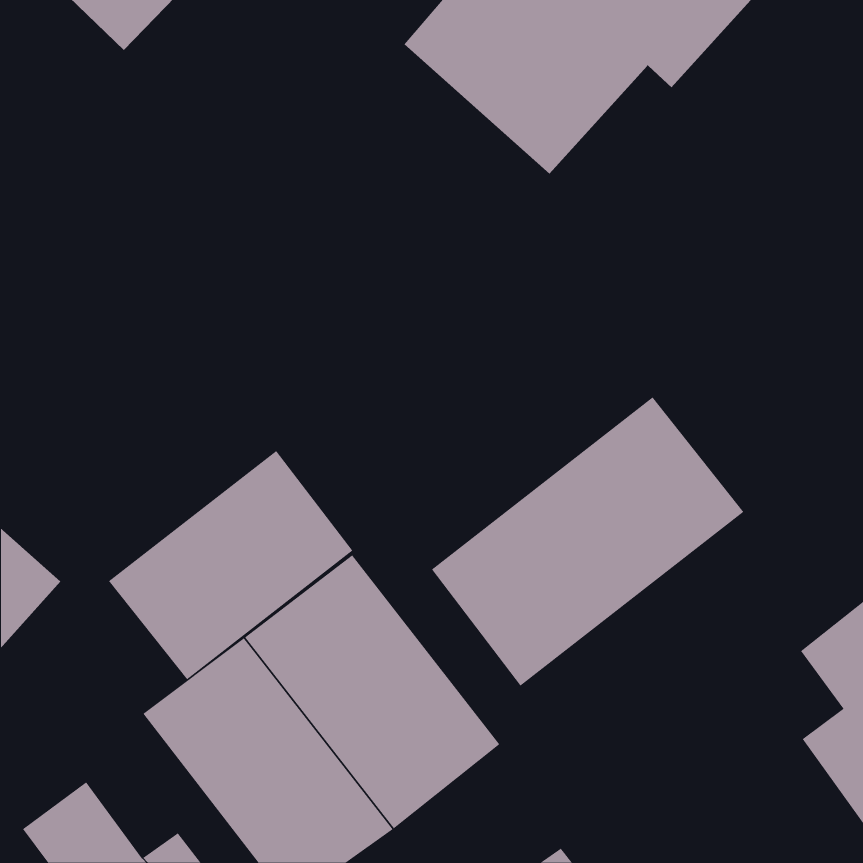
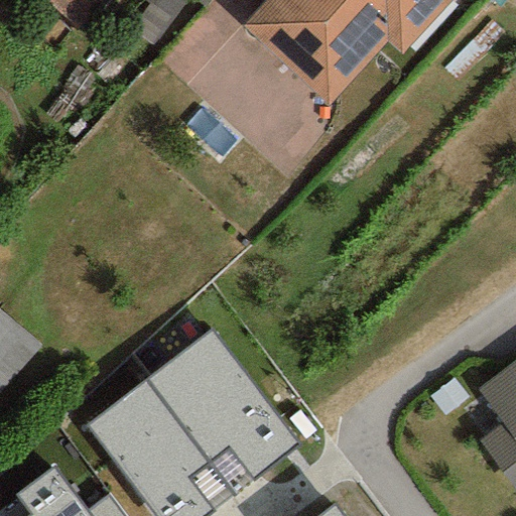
building: [431,396,744,686] -> none
building: [108,450,353,680] -> none

